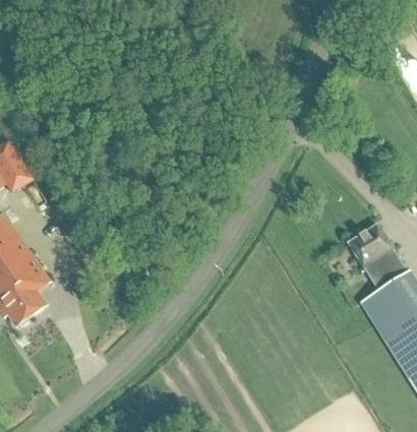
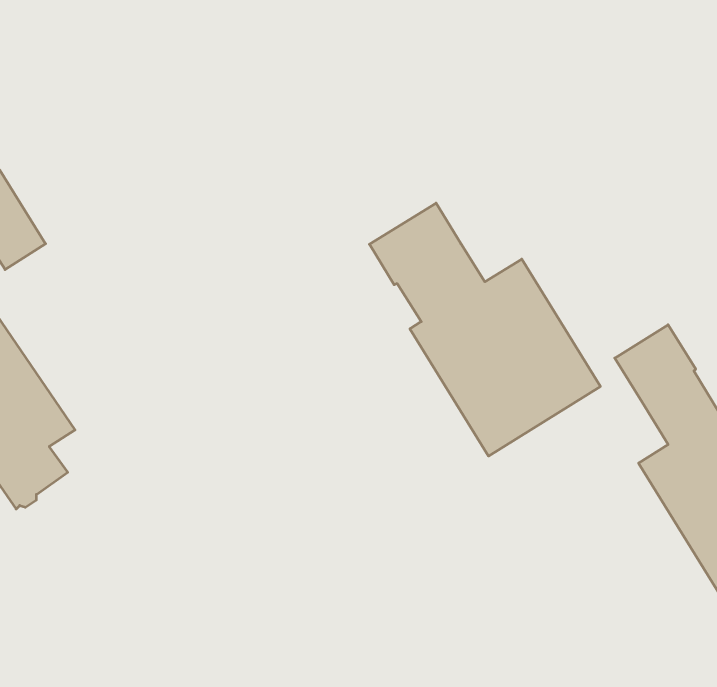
building: none -> [369,203,600,456]

